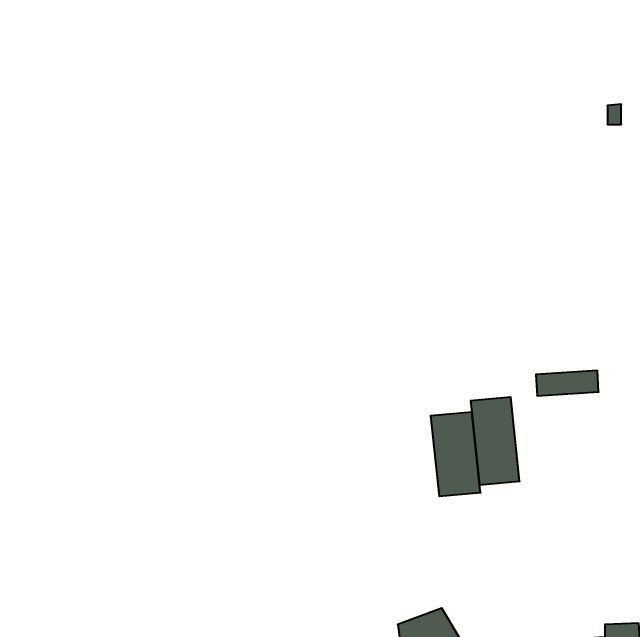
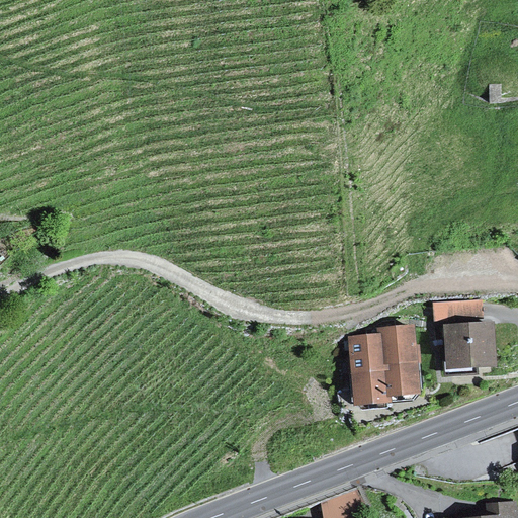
building: none -> [444,323,496,367]

